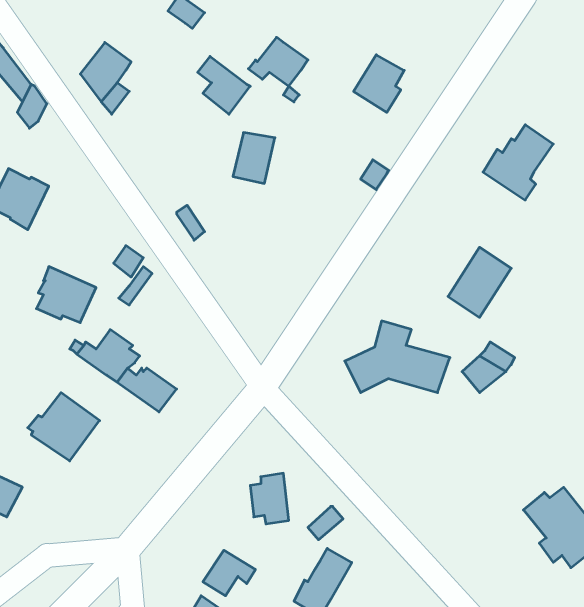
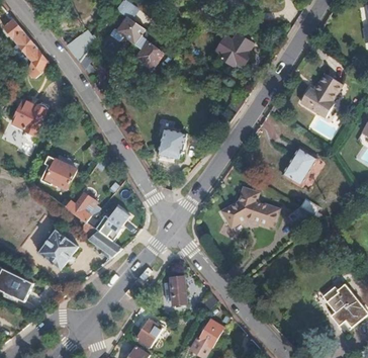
building: [248,37,308,86] -> [111,15,146,43]
building: [233,133,275,183] -> [159,128,183,158]
building: none -> [79,218,123,258]

